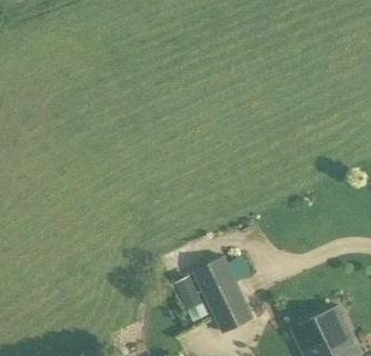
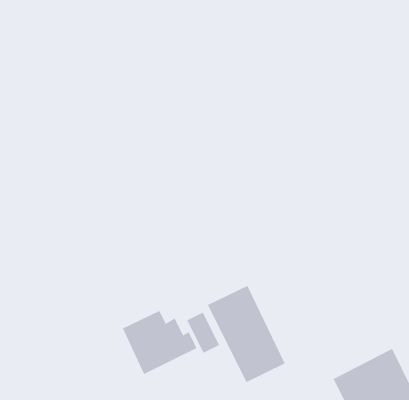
building: none -> [122,310,197,375]

